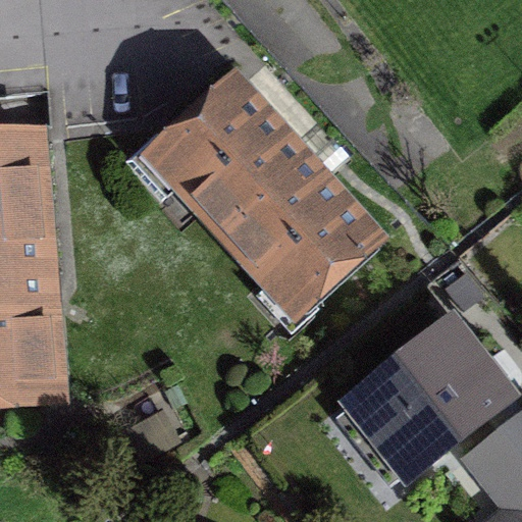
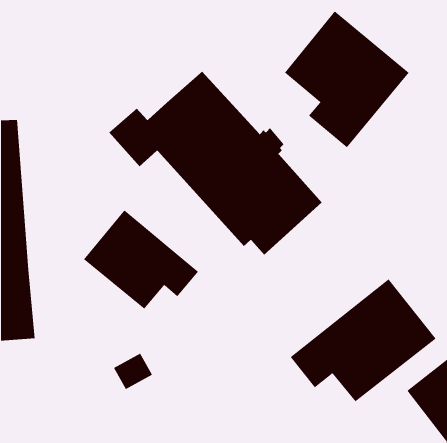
building: none -> [284,10,410,148]
building: none -> [83,210,199,309]

